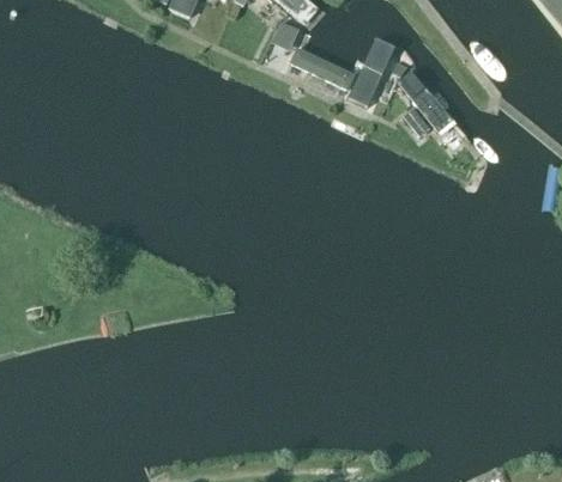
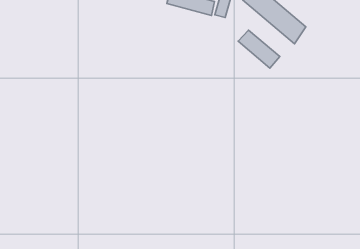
building: none -> [238,30,280,68]

